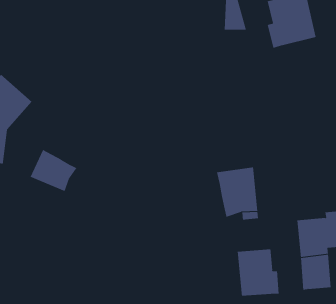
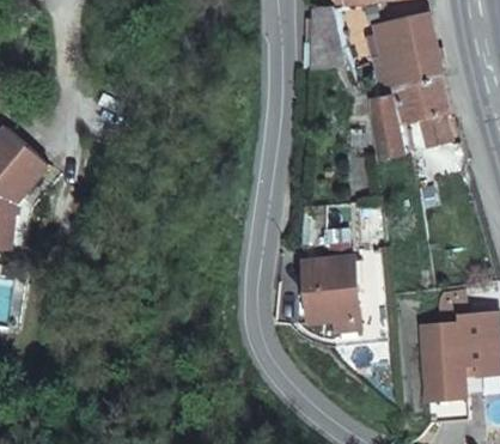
building: none -> [368,75,449,147]
building: [30,149,77,192] -> none
building: [237,248,279,297] -> none

